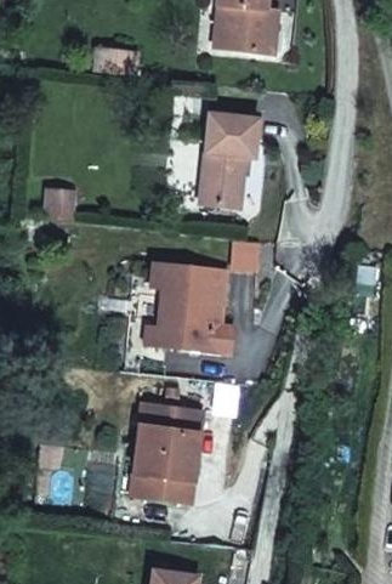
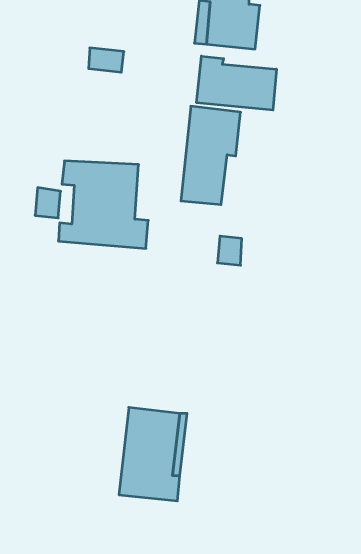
building: none -> [197,56,276,110]
building: [147,270,237,357] -> [58,161,148,248]

